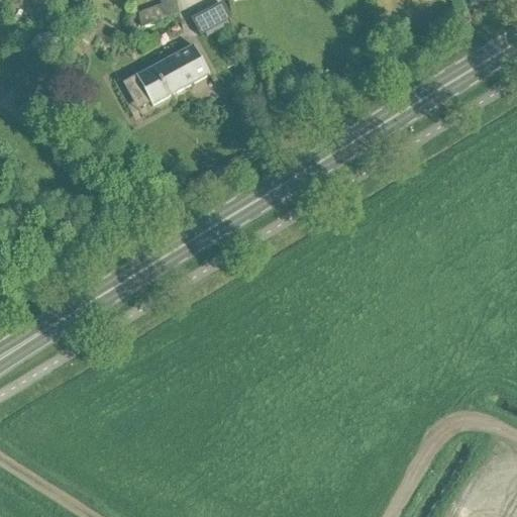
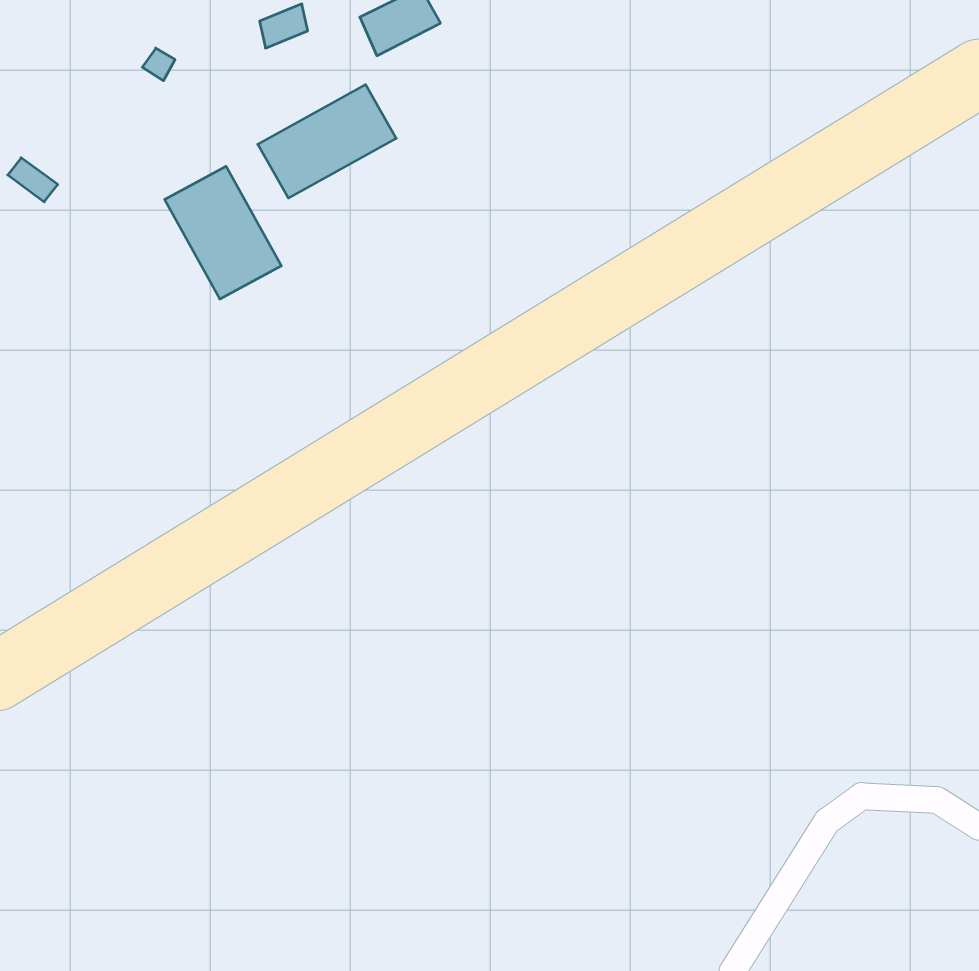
building: none -> [165,166,281,299]

